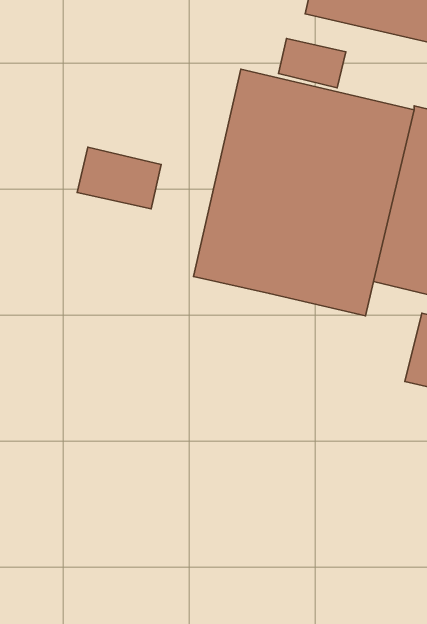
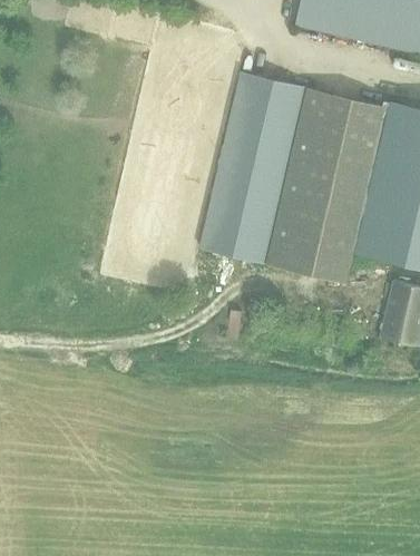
building: [278,39,346,88] -> none
building: [77,147,161,209] -> none

